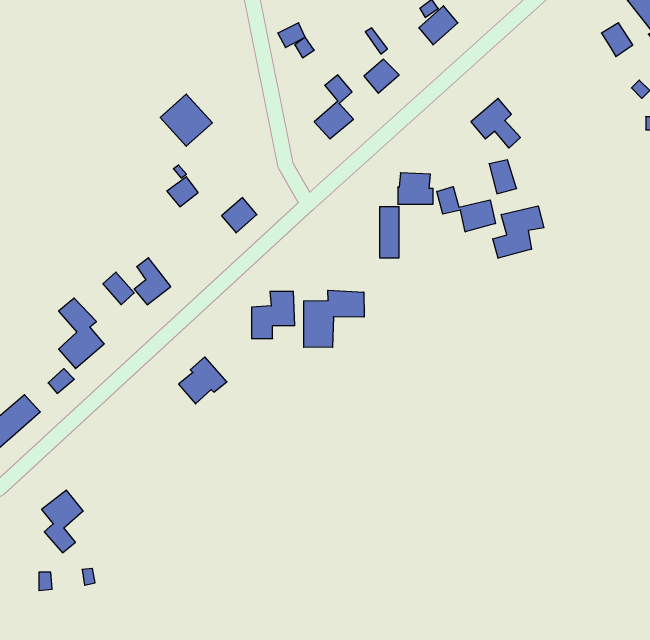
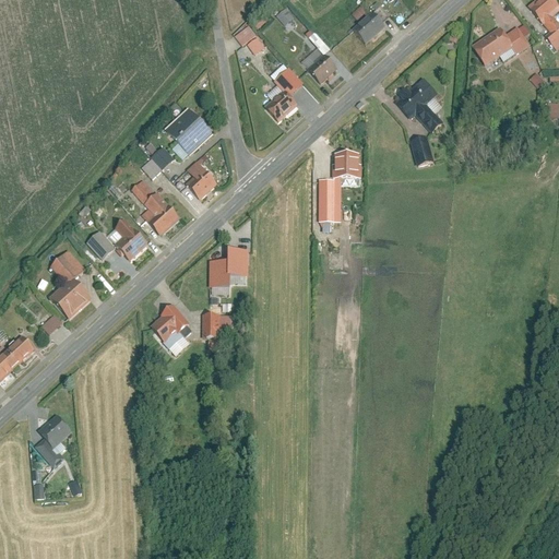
building: none -> [473,25,512,61]
building: [160,94,212,146] -> [167,107,211,151]
building: [437,187,495,232] -> none
building: [493,206,544,258] -> none
building: none -> [131,181,179,234]
building: [304,290,364,347] -> none
building: none -> [201,312,219,337]

